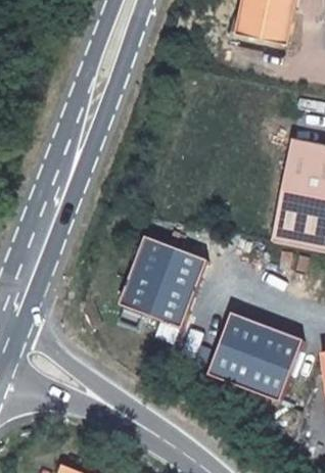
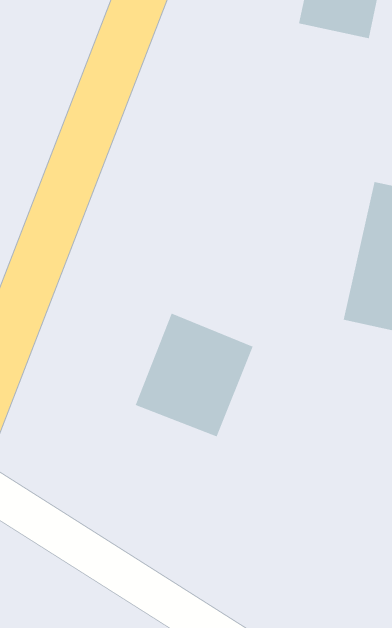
building: [205,310,299,398] -> none

